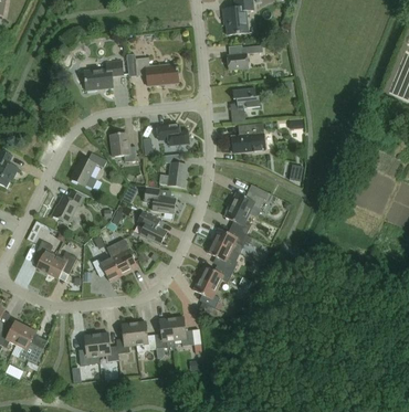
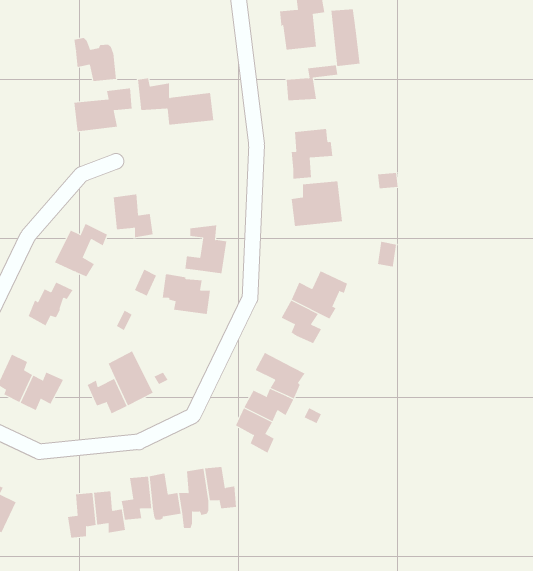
building: none -> [331,9,360,67]
building: none -> [74,37,116,82]
building: [149,125,190,147] -> none
building: [137,211,167,245] -> none
building: [213,228,253,254] -> none

